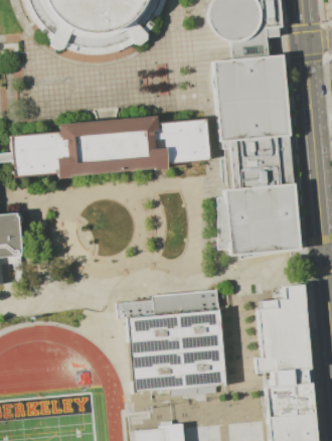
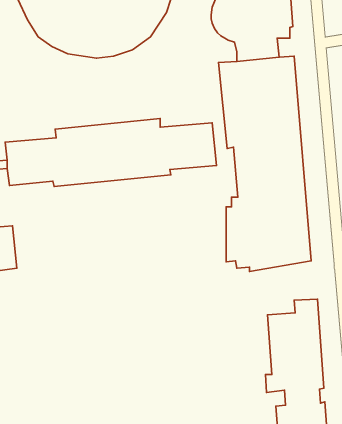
building: [118,289,222,396] -> none

